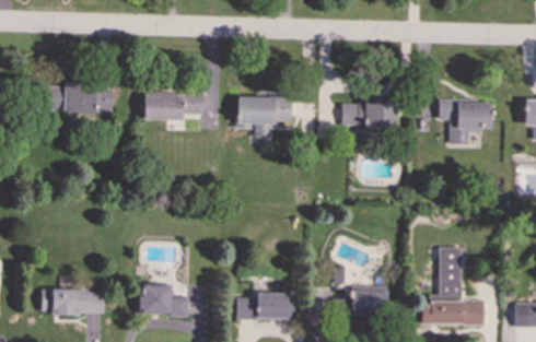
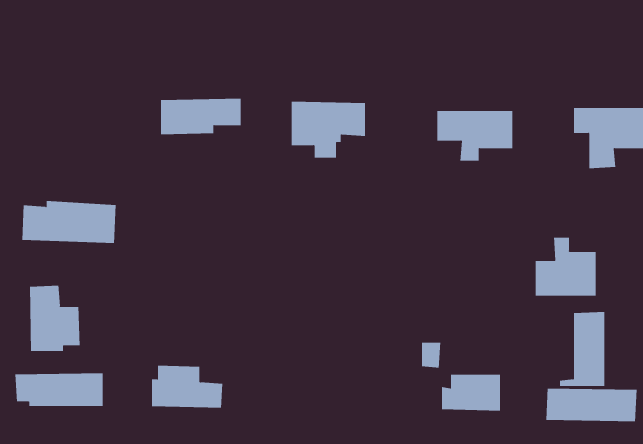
building: [46,82,114,113] -> [21,200,116,243]
building: none -> [535,237,596,296]
building: none -> [29,285,80,352]
building: [235,293,295,320] -> none

